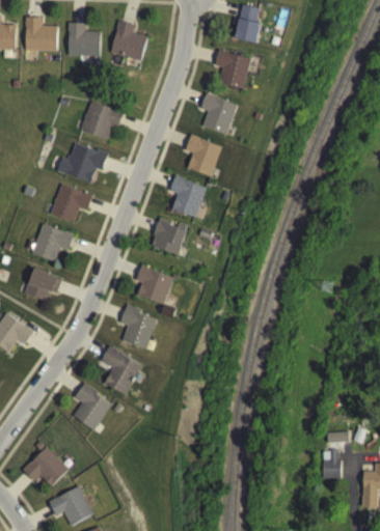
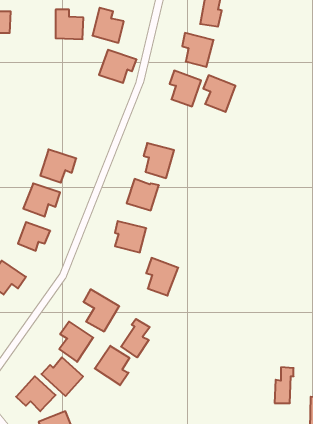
building: [25,17,56,56] -> none
building: [79,101,123,139] -> [99,50,137,83]
building: [184,134,221,176] -> [203,75,236,112]
building: [56,143,107,181] -> none
building: [119,305,157,348] -> [146,258,178,296]
building: none -> [121,319,150,357]
building: none -> [95,346,129,385]
building: none -> [41,357,83,396]

